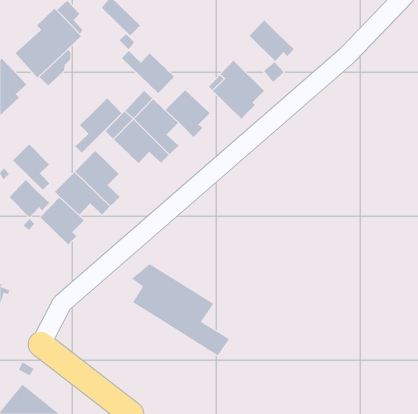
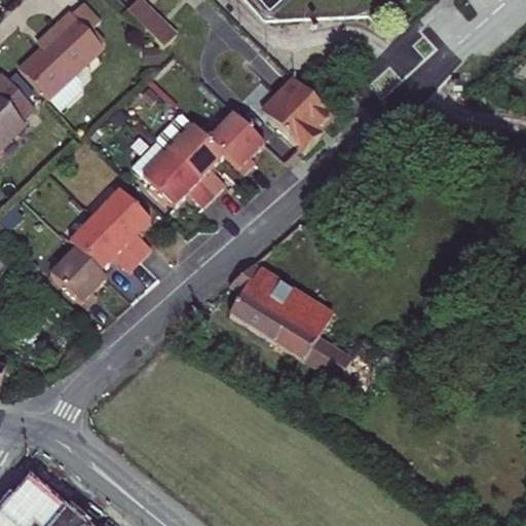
building: [249,19,295,62] -> none
building: [121,50,175,94] -> none
building: [74,98,122,153] -> none
building: [12,143,50,191] -> none
building: [9,179,50,218] -> none
building: [131,264,230,356] -> [228,264,351,380]

